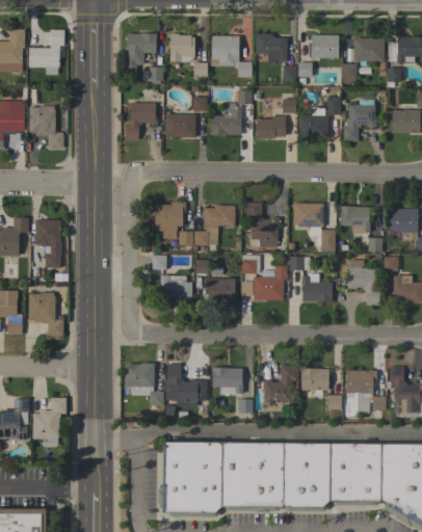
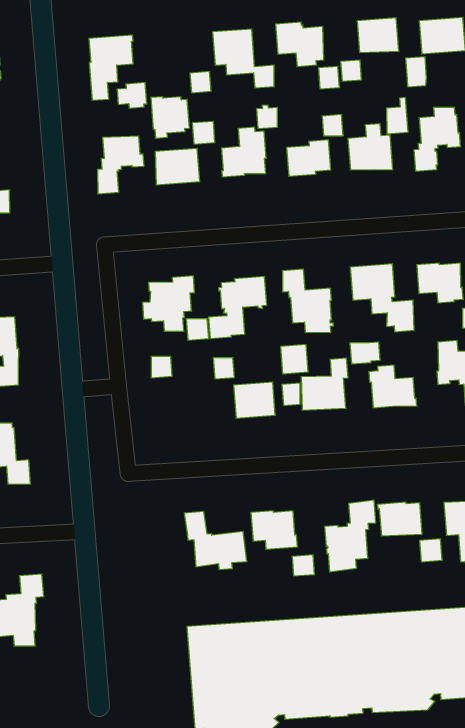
building: [169,34,194,62] -> [151,97,189,138]
building: [159,275,191,302] -> none
building: [125,363,163,408] -> none

